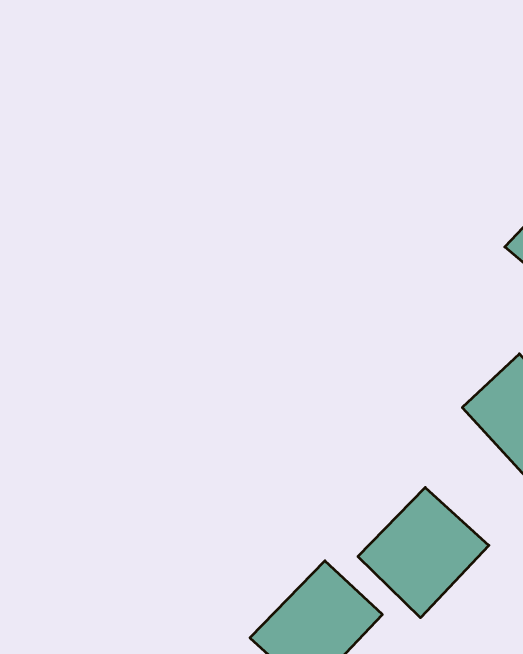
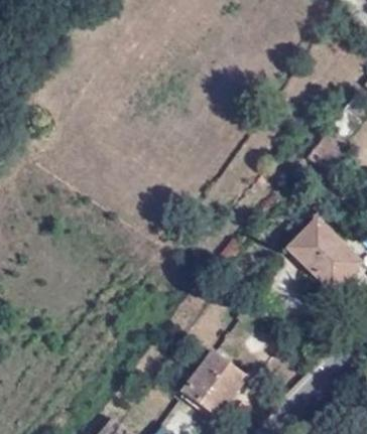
building: [358,487,489,618] -> none

